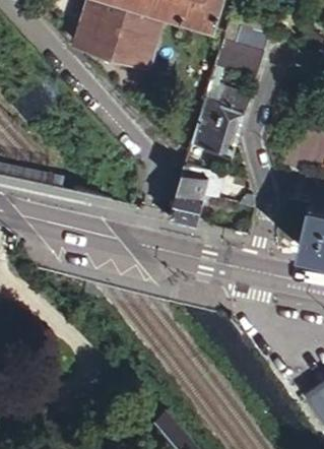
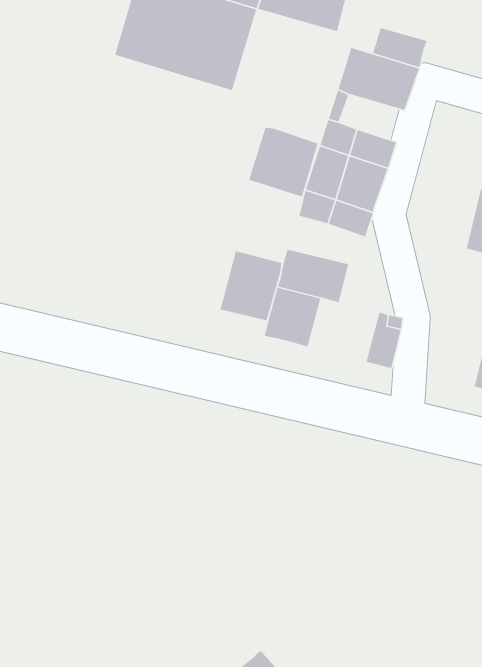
building: none -> [248,127,318,197]
building: none -> [220,250,282,321]

